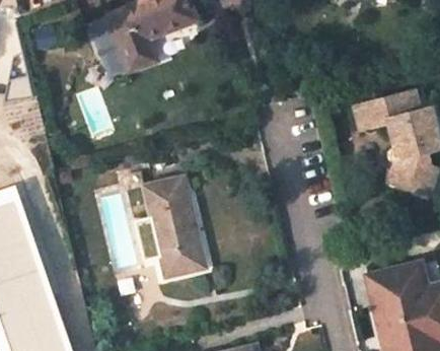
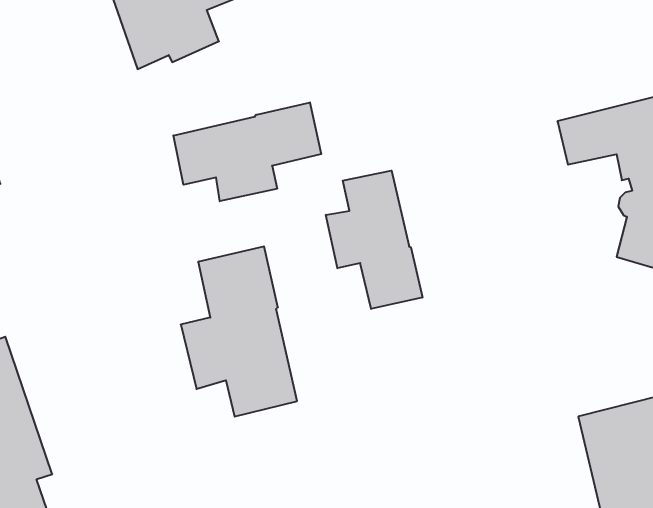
building: none -> [173,102,321,201]
building: none -> [326,171,422,309]

